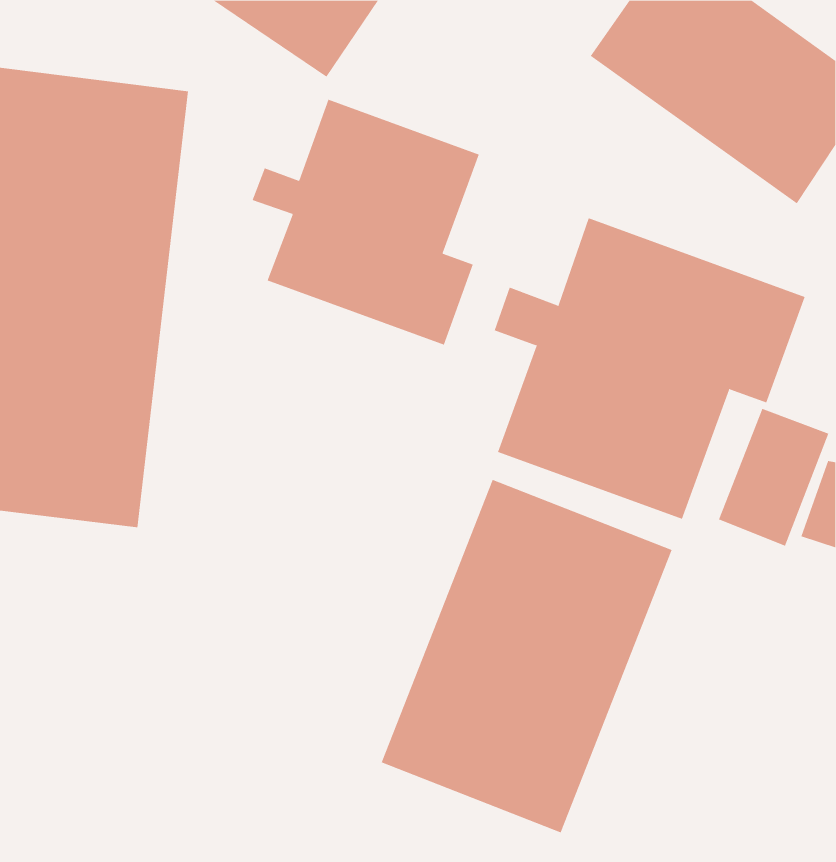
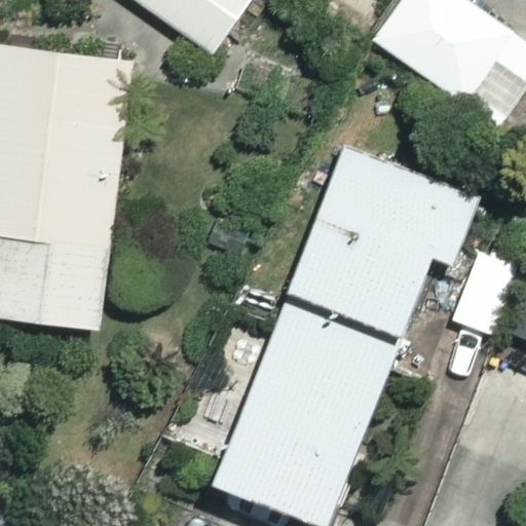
building: [252,99,479,345] -> none

